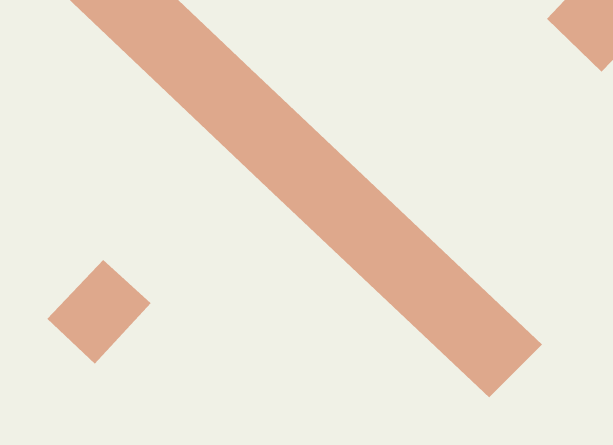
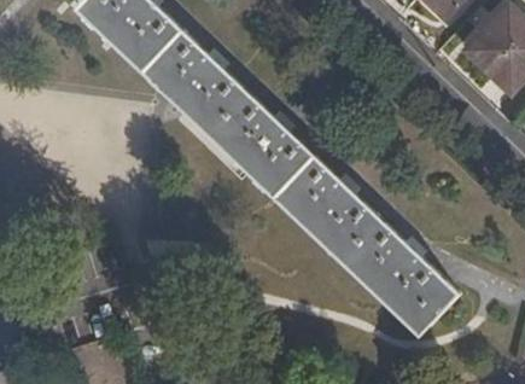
building: [46,259,152,365] -> none

